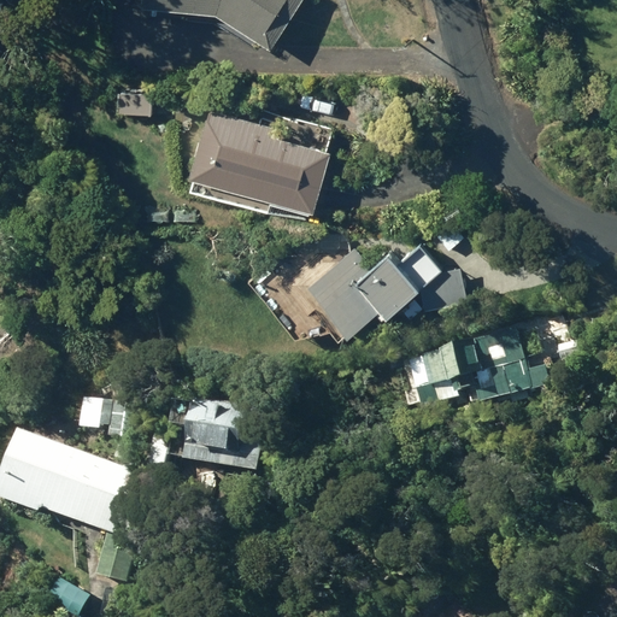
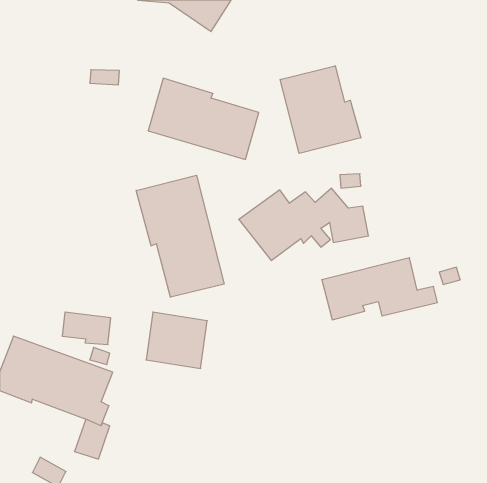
building: none -> [280,66,361,153]
building: none -> [136,175,224,297]

